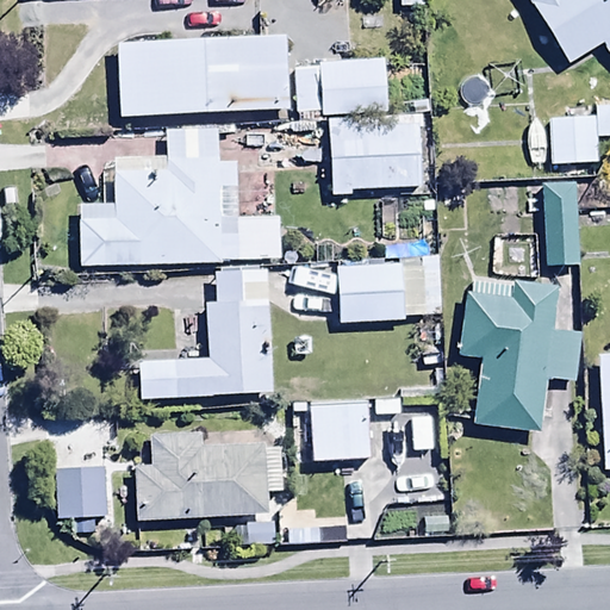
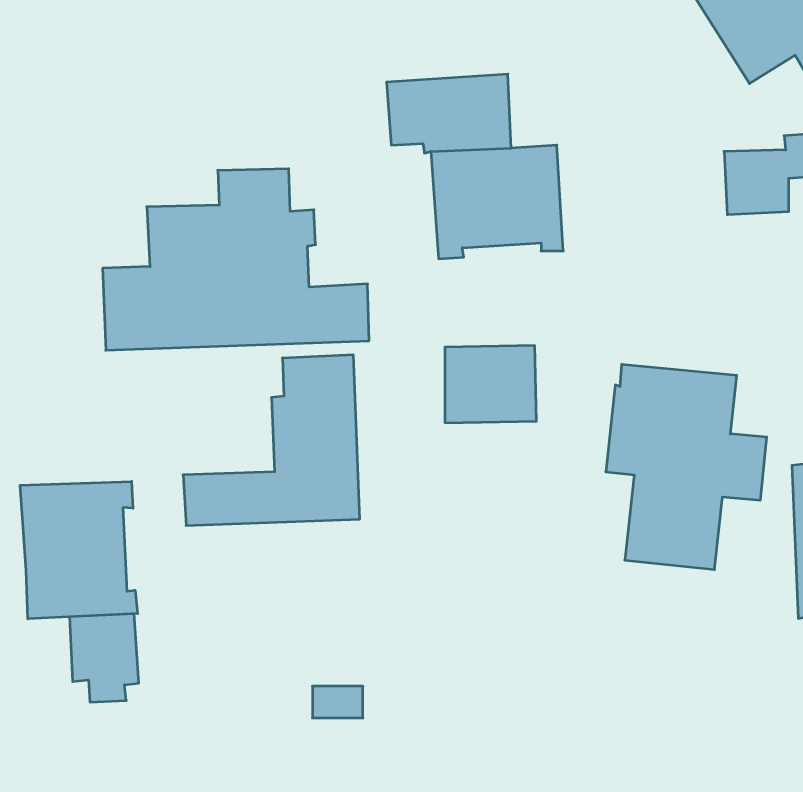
building: [117,35,288,117] -> none
building: [542,180,583,266] -> none
building: none -> [20,481,138,619]
building: [310,394,371,461] -> none
building: [136,432,281,518] -> none

